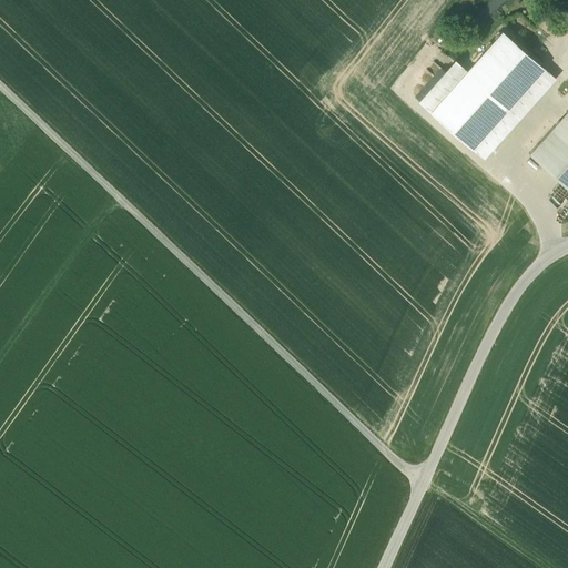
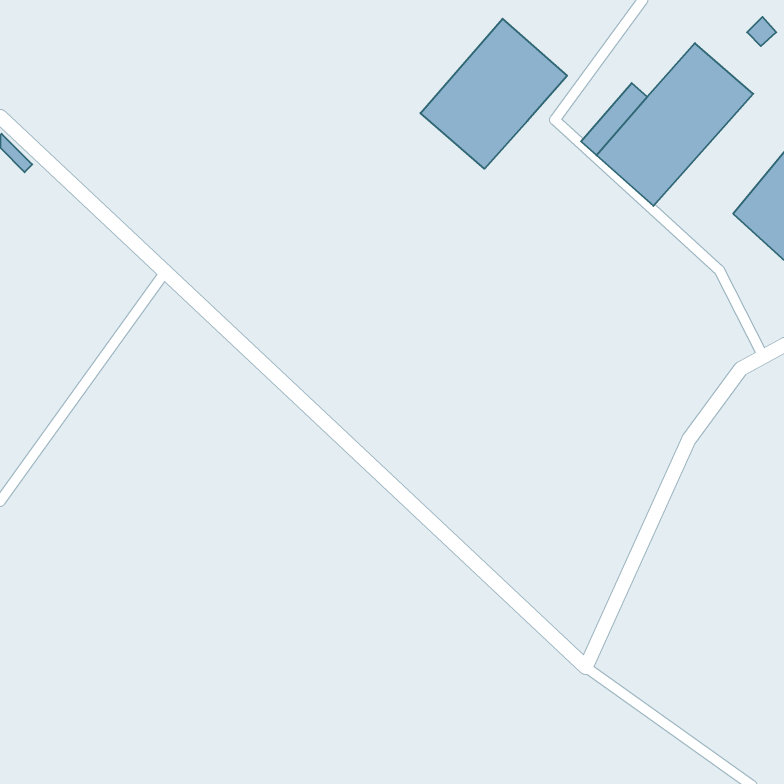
building: none -> [420,19,567,169]
building: [473,69,557,160] -> none

